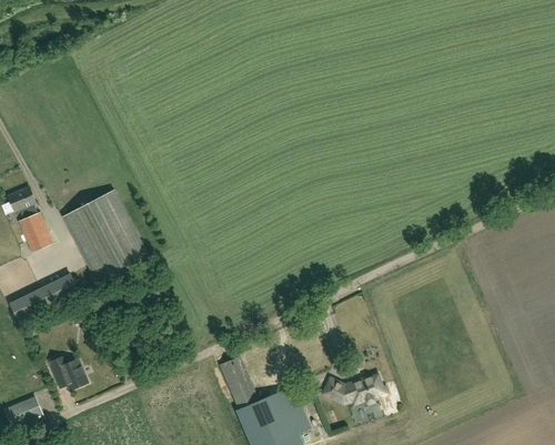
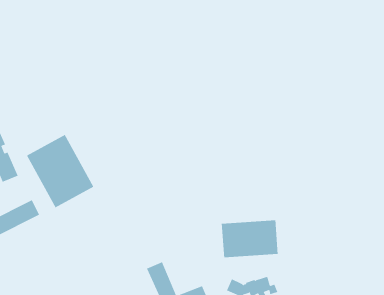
building: none -> [221,219,278,258]
building: [49,356,87,388] -> none

